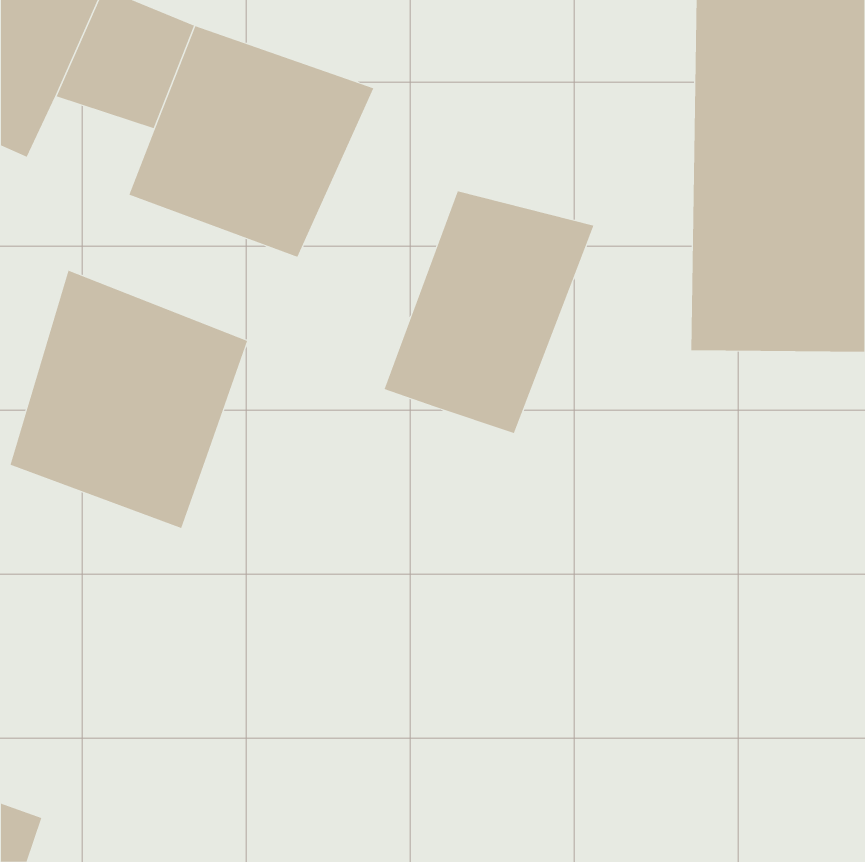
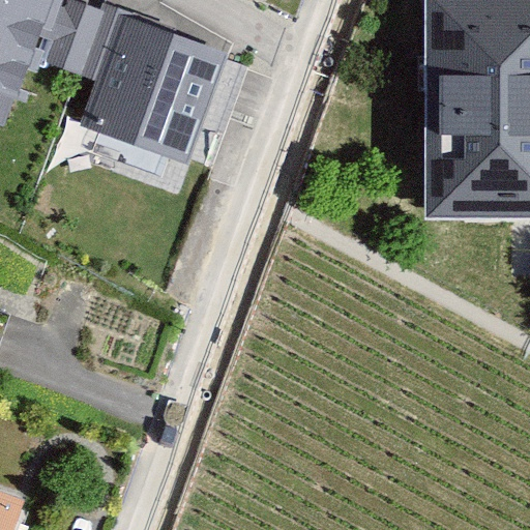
building: [384,190,594,434] -> none
building: [10,270,248,529] -> none

